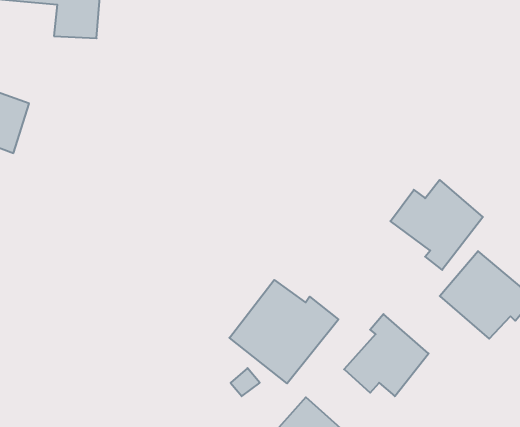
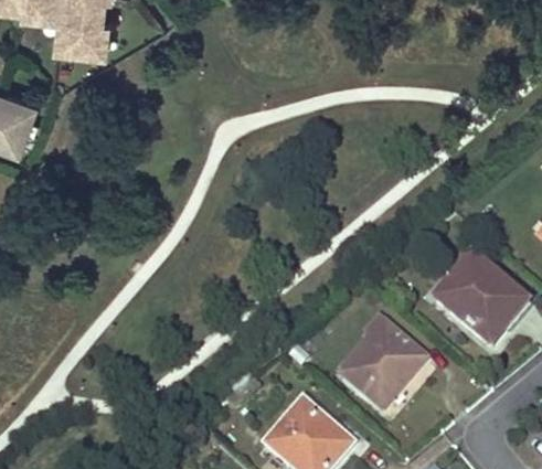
building: [390,180,483,270] -> none
building: [229,280,338,383] -> none

